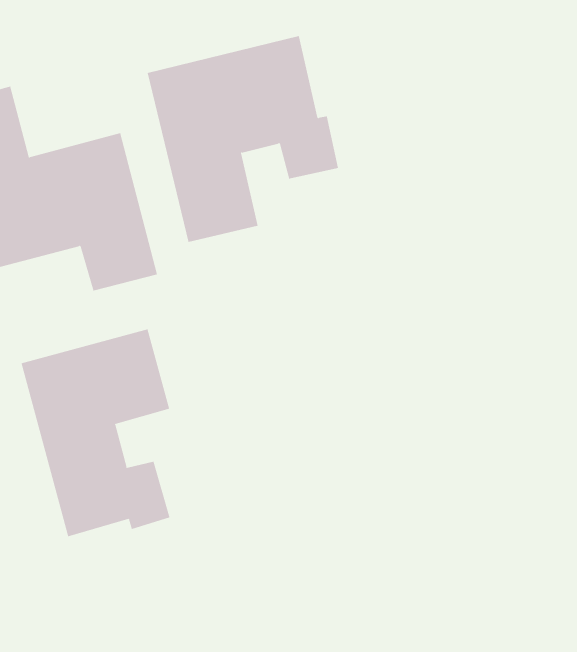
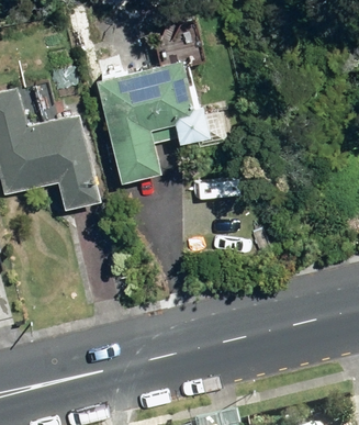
building: [21,328,170,537] -> none

